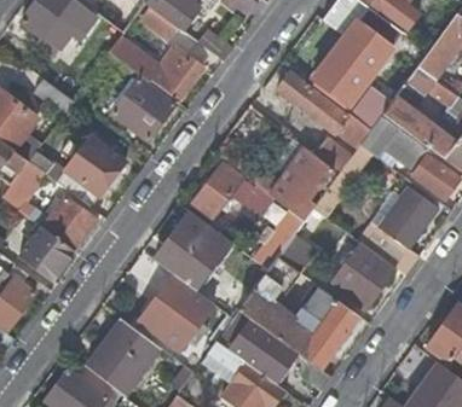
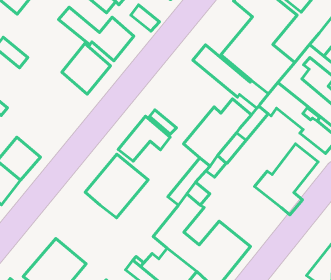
building: [57,135,126,207] -> none
building: [330,237,394,308] -> none
building: [139,274,195,348] -> none

